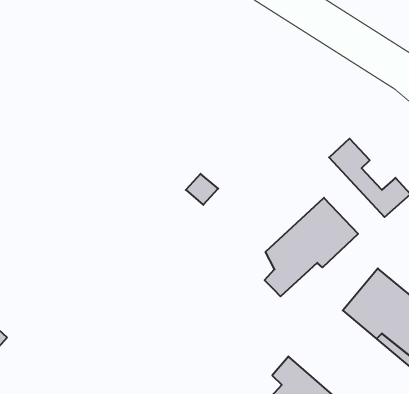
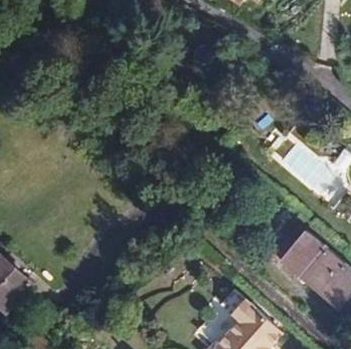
building: [265,198,358,296] -> none

